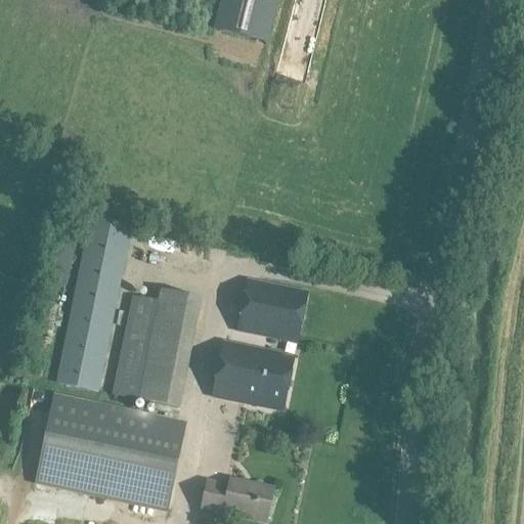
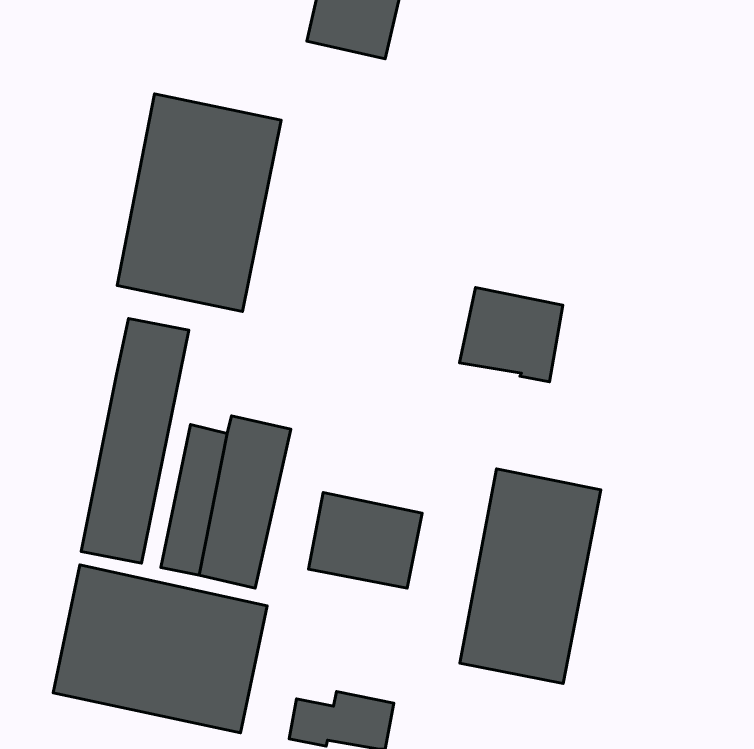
building: none -> [117,94,281,311]
building: [236,278,308,344] -> [459,288,563,382]
building: none -> [460,469,601,684]

